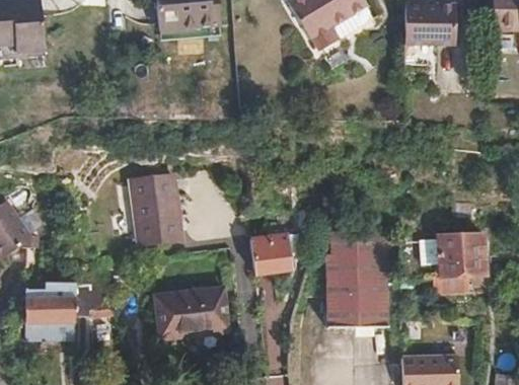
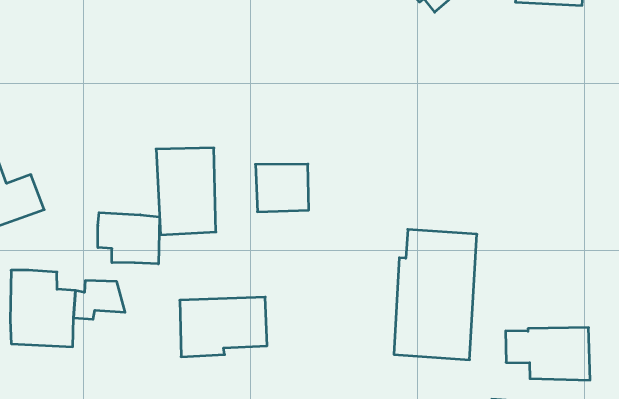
building: none -> [98,213,160,264]
building: [418,233,486,276] -> [506,328,590,380]
building: [251,234,295,274] -> [255,164,309,212]

